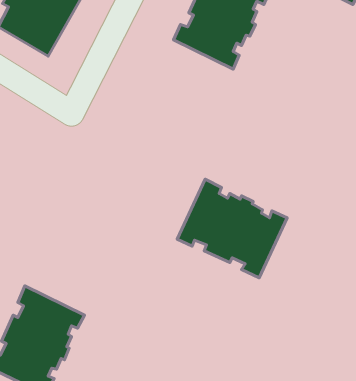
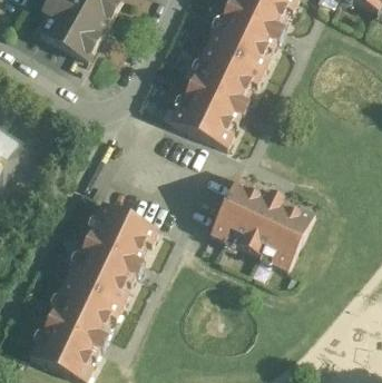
building: none -> [168,46,262,149]
building: none -> [63,204,157,307]

